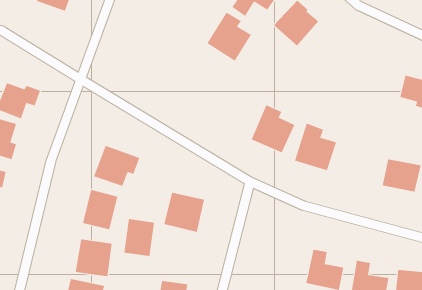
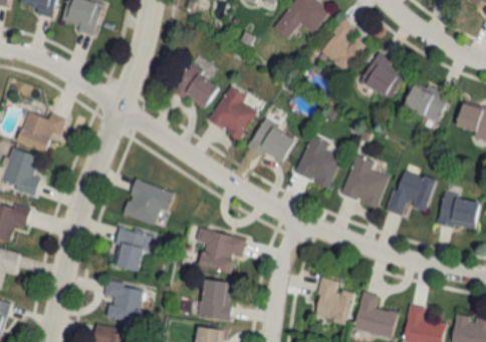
building: [207,12,252,62] -> [209,86,258,140]
building: none -> [360,51,406,98]
building: none -> [173,63,221,109]
building: none -> [404,81,449,121]
building: none -> [249,118,296,163]
building: none -> [389,168,436,215]
building: [123,219,155,256] -> [200,278,234,319]
building: none -> [314,277,354,323]

